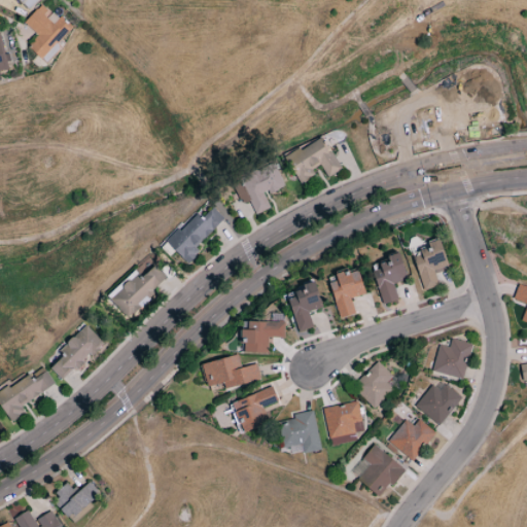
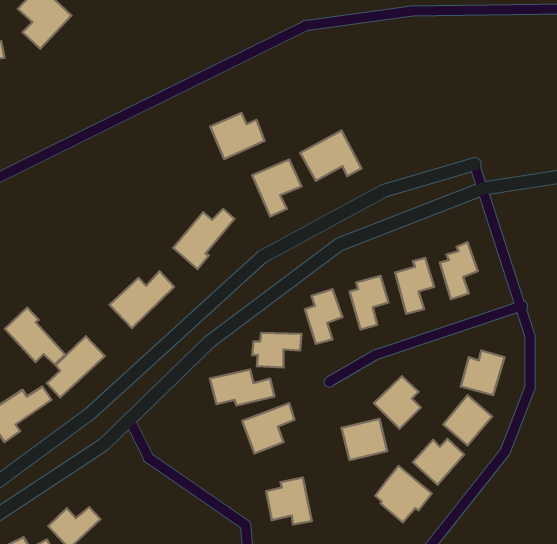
building: none -> [210,113,265,159]
building: none -> [5,308,65,364]
building: [279,410,321,453] -> [266,478,312,525]

